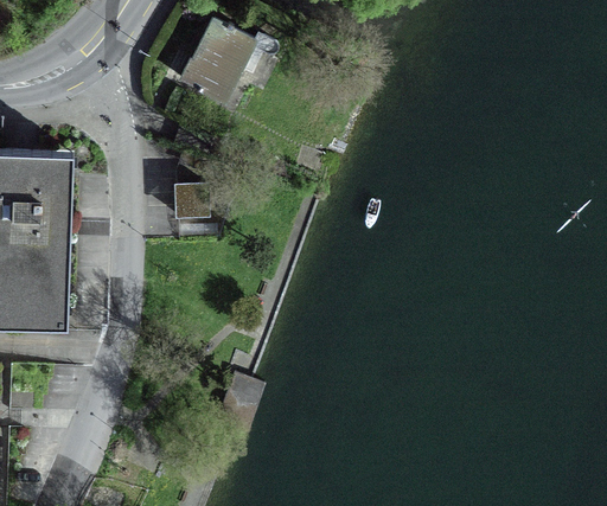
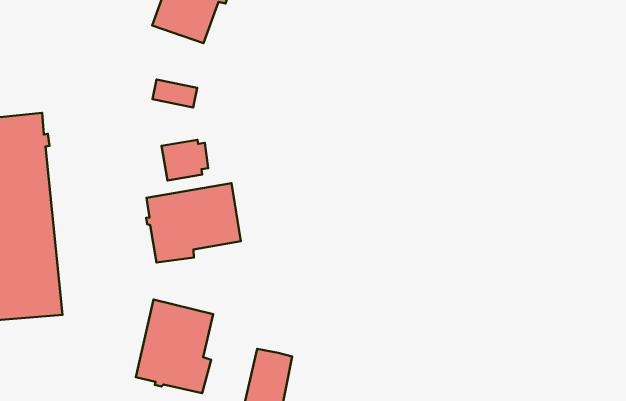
building: none -> [146,183,241,263]
building: none -> [136,300,213,393]

